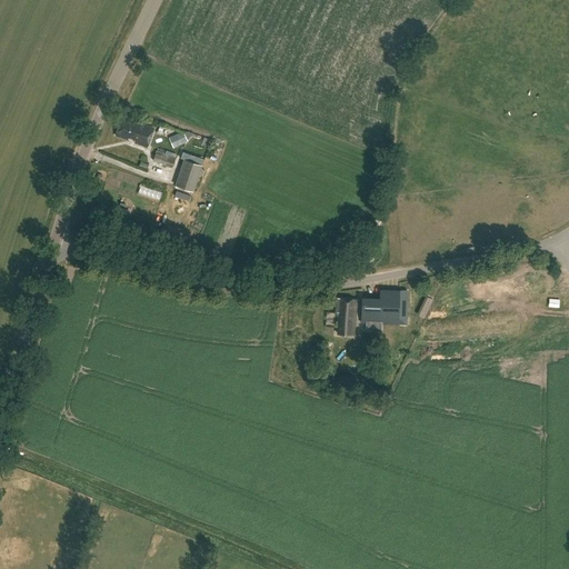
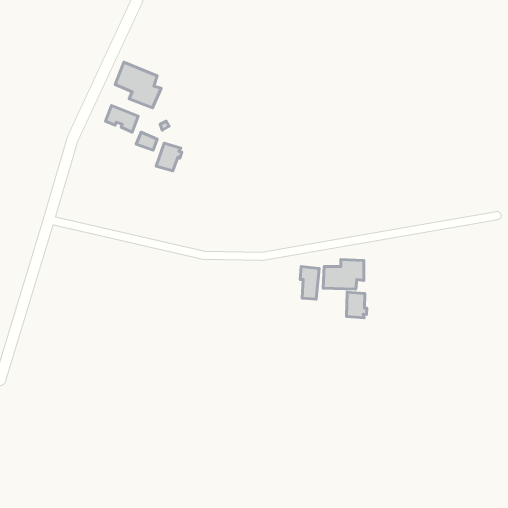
building: none -> [115,62,161,108]
building: none -> [346,292,367,318]

